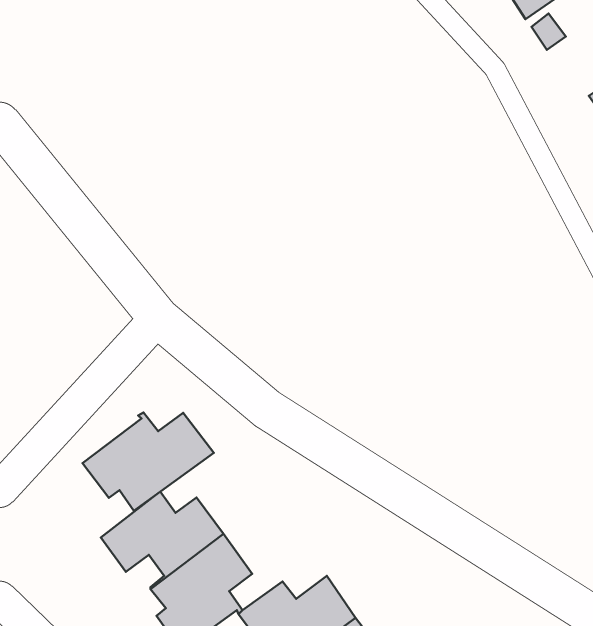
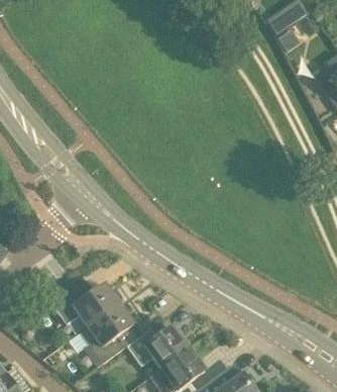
building: [82,413,214,511] -> none

